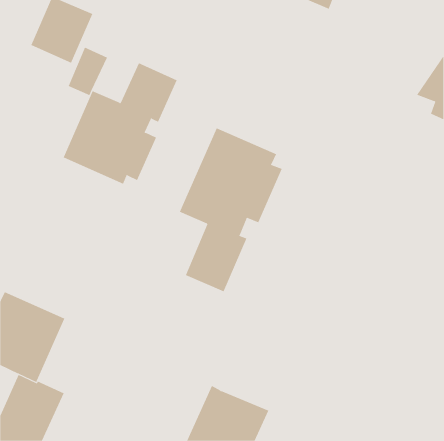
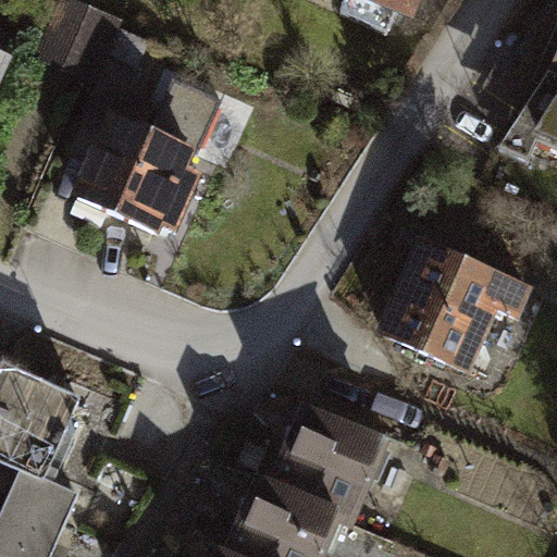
building: [179,127,283,292] -> none
building: none -> [386,244,527,368]
building: none -> [276,409,383,519]

